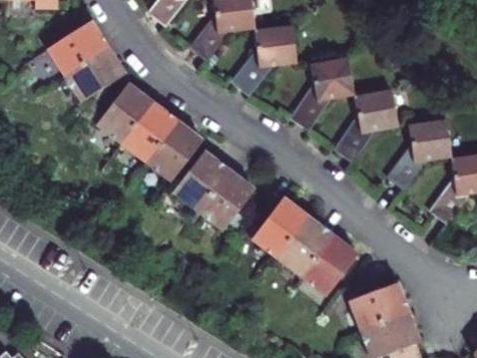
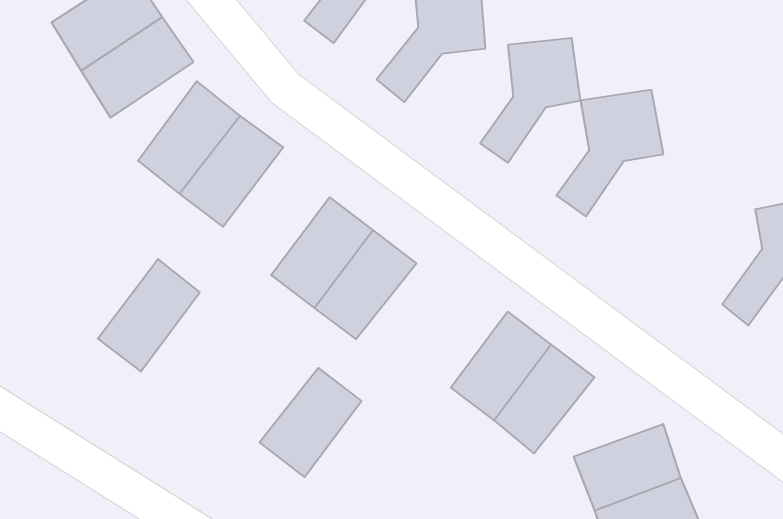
building: [390,116,452,190] -> none
building: [143,120,202,186] -> [98,259,200,372]
building: [250,197,309,260] -> [260,368,362,477]

